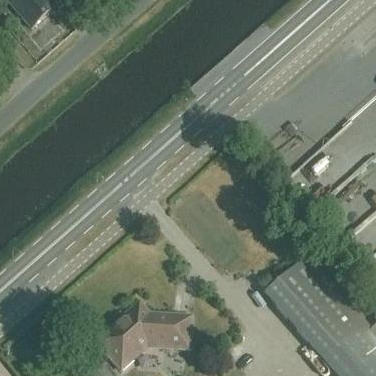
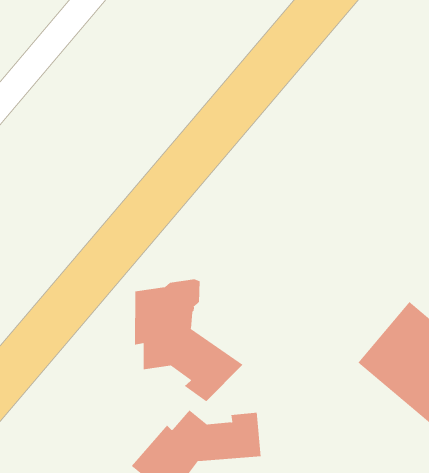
building: none -> [135,278,243,402]

